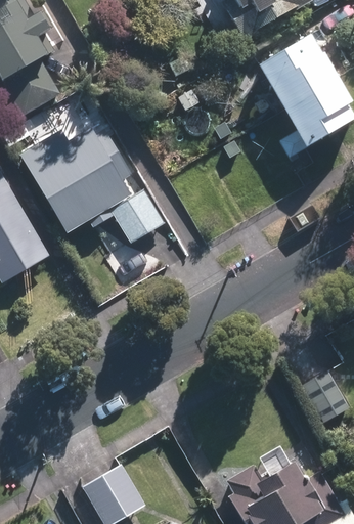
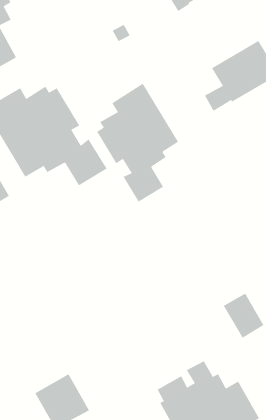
building: [259,32,339,105] -> none
building: none -> [96,83,179,203]

